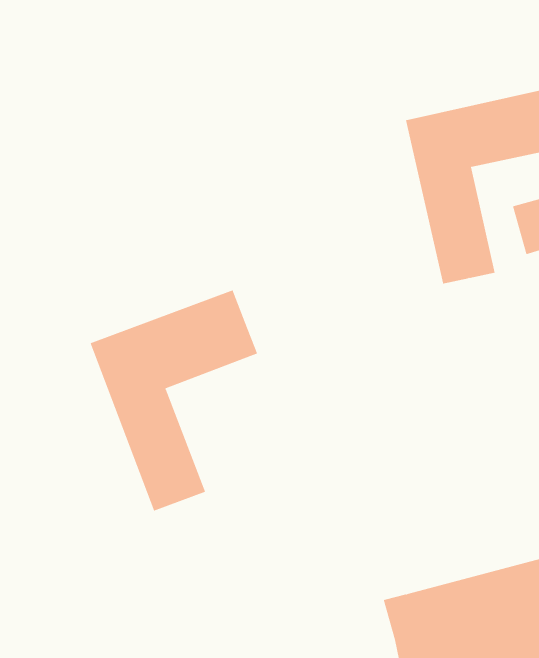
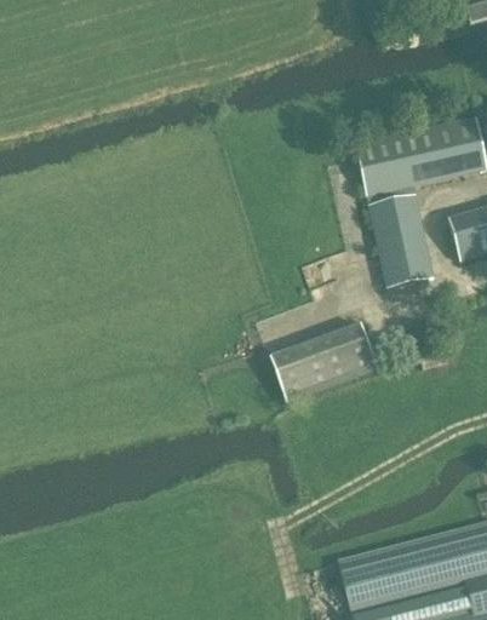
building: [90,289,258,512] -> none
building: none -> [269,322,377,403]

